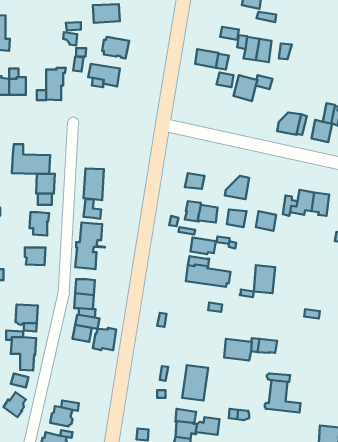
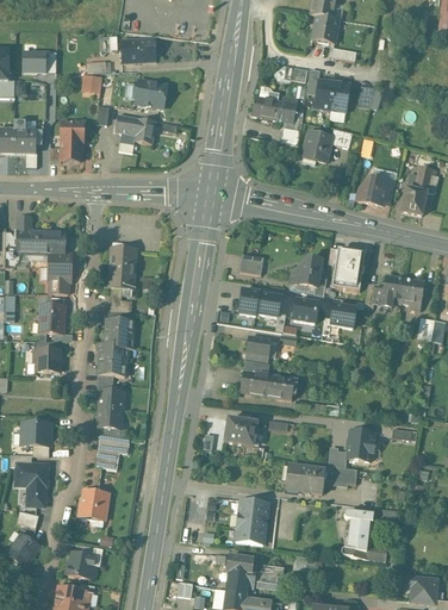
building: none -> [24,52,56,74]
building: none -> [331,242,361,282]
building: [254,265,275,293] -> [346,425,373,461]
building: none -> [224,418,256,446]
building: [93,328,116,350] -> [77,490,107,518]

